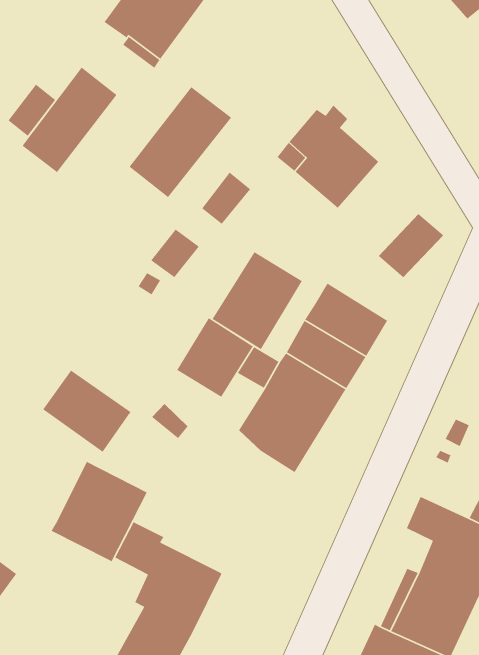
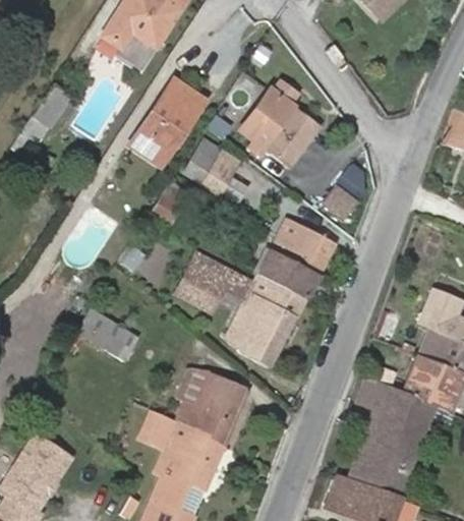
building: [21,66,118,173] -> none
building: [212,251,303,350] -> none
building: [50,461,148,562] -> [174,370,245,446]

